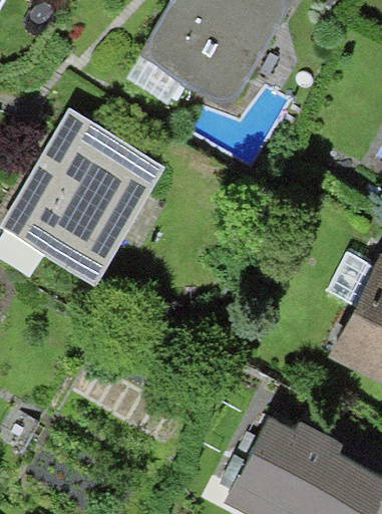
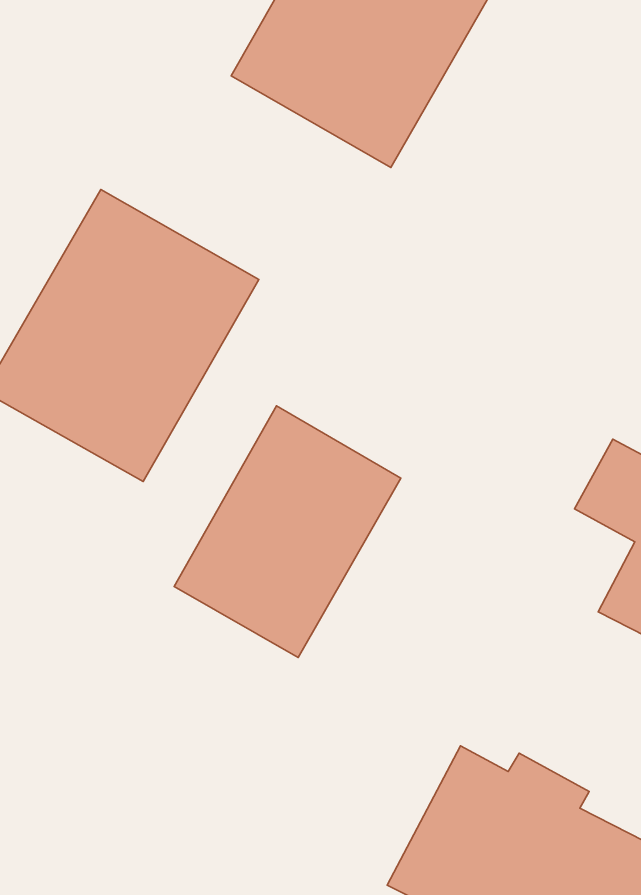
building: none -> [174,406,401,658]

